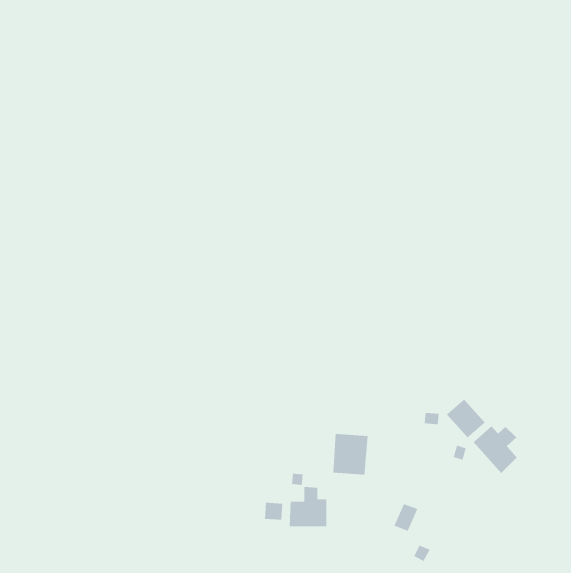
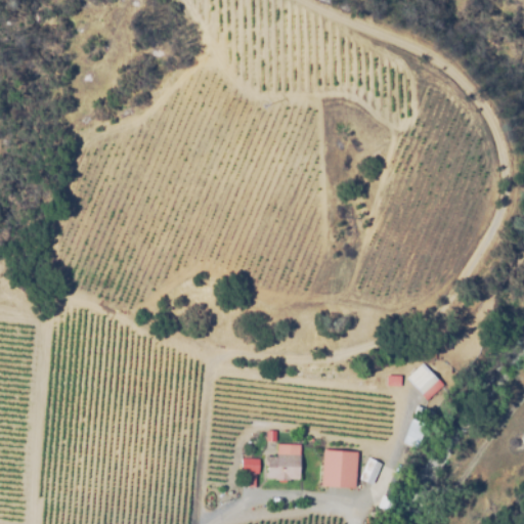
building: [473,425,518,474] -> none
building: [333,434,369,475] -> [324,444,357,482]

